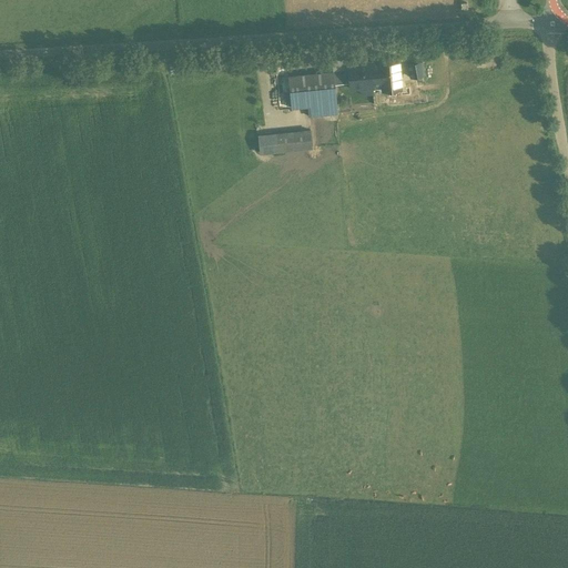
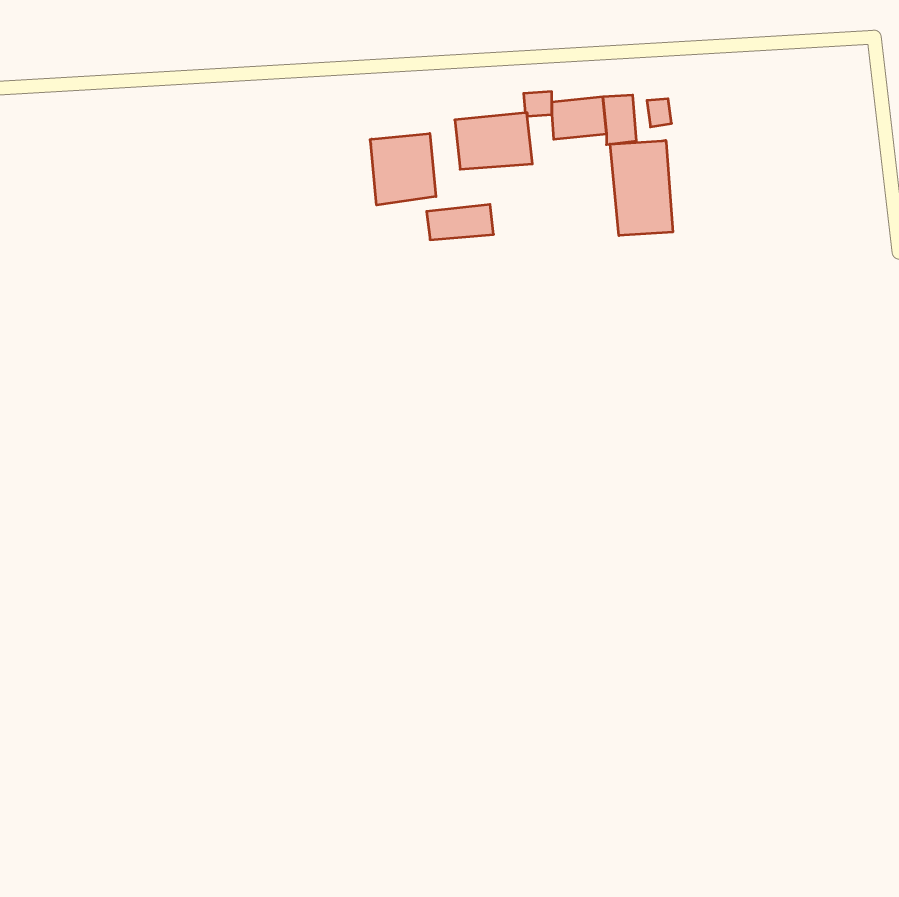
building: none -> [370,133,436,205]
building: none -> [610,140,673,236]

